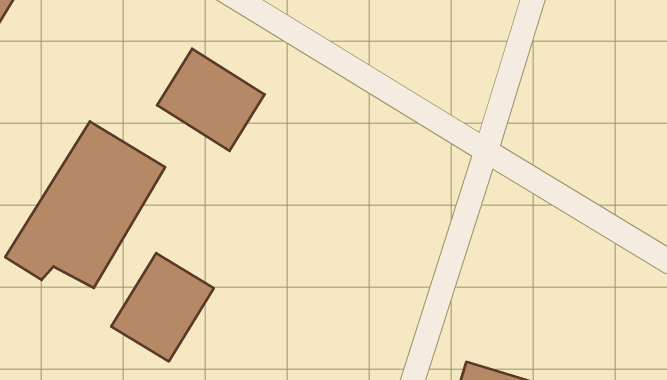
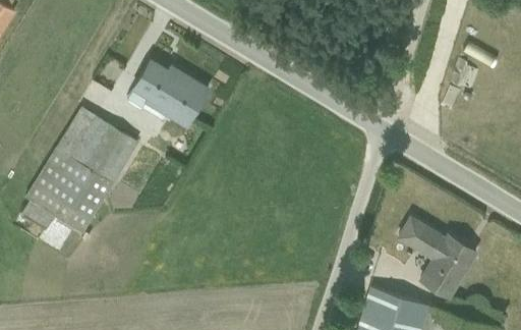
building: [111,253,214,361] -> none
building: none -> [398,214,477,299]

